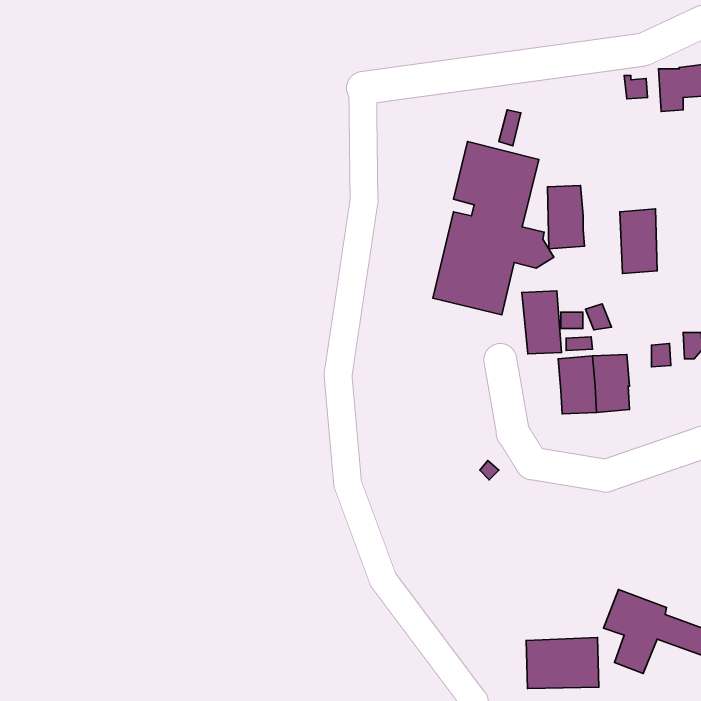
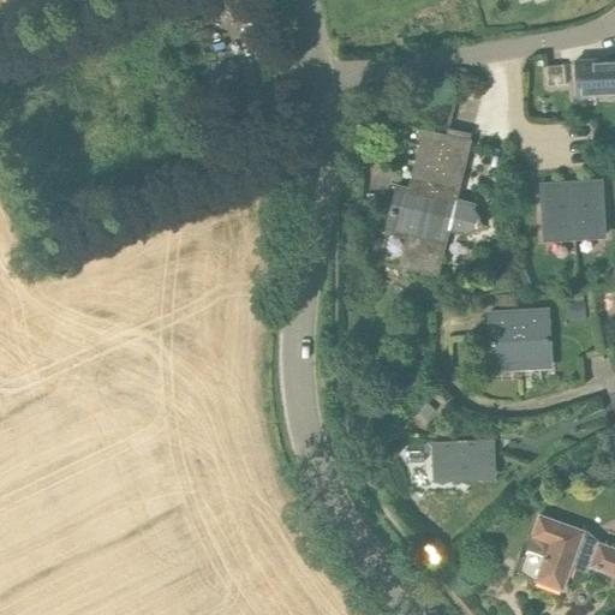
building: [548,186,585,249] -> [574,181,607,237]
building: [522,291,561,354] -> none
building: [526,638,599,688] -> [434,442,497,486]

